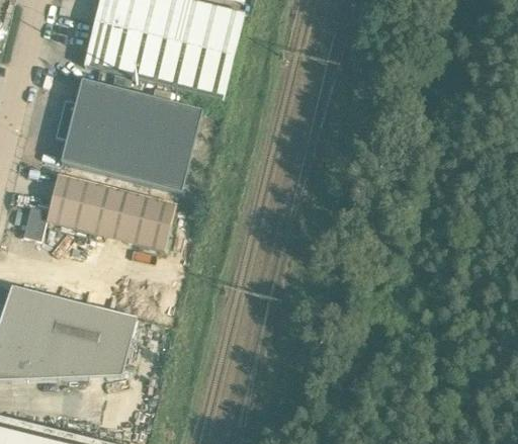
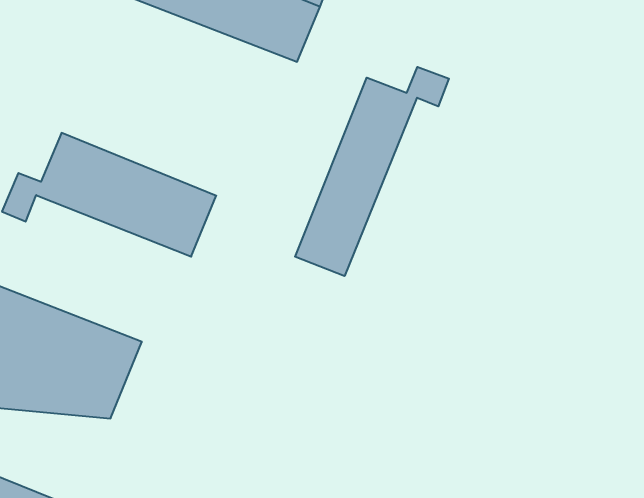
building: [55,79,199,190] -> none
building: none -> [295,67,449,276]

